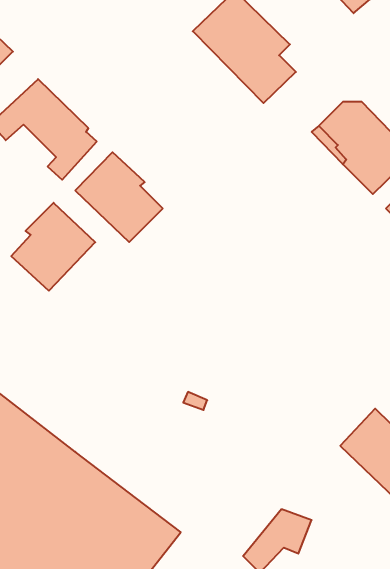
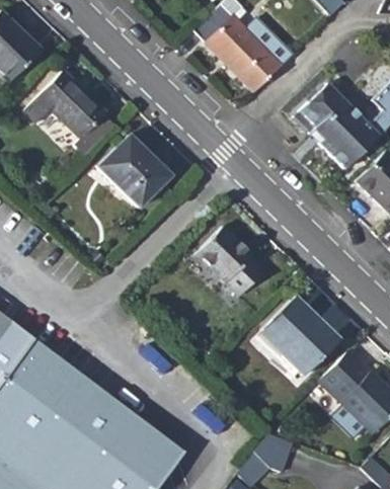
building: [11,203,95,291] -> none
building: none -> [197,227,263,296]
building: none -> [259,300,338,377]

